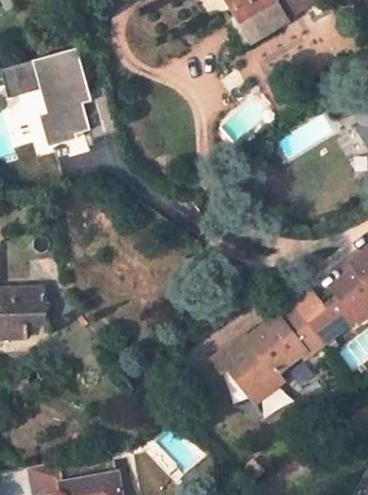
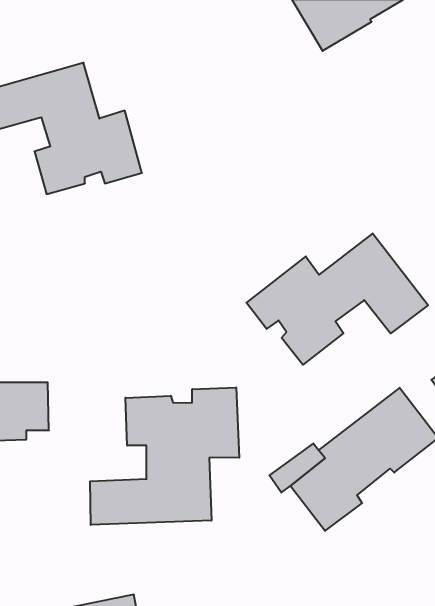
building: none -> [246,233,428,365]
building: none -> [90,387,239,525]

